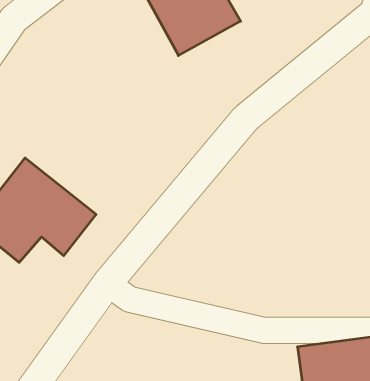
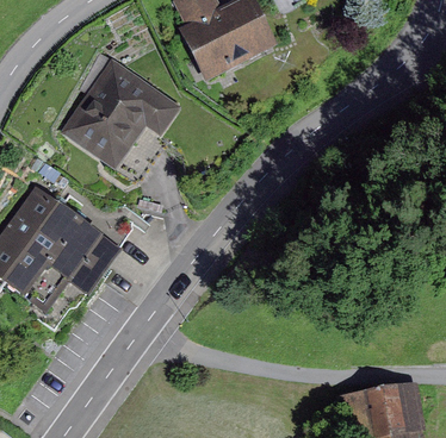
building: none -> [58,57,179,169]

